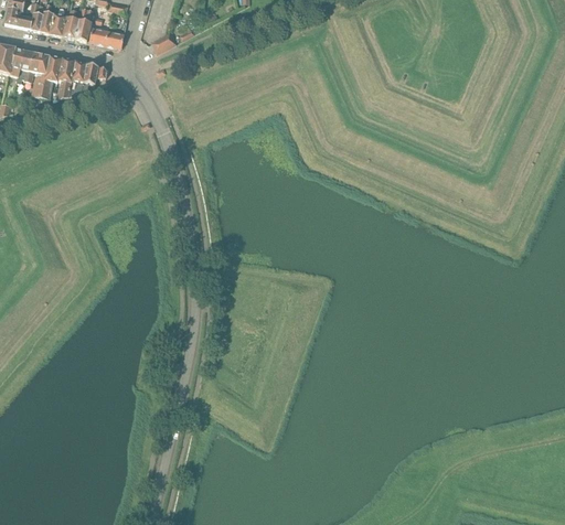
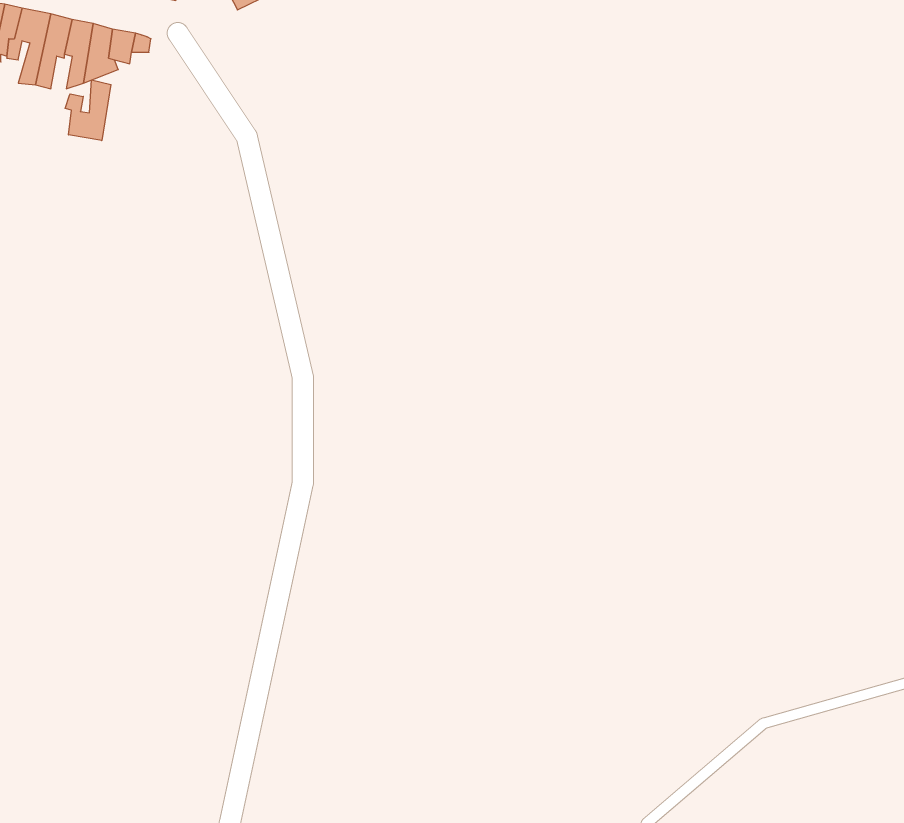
building: none -> [65,80,111,141]

